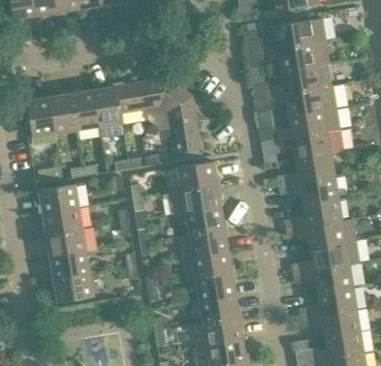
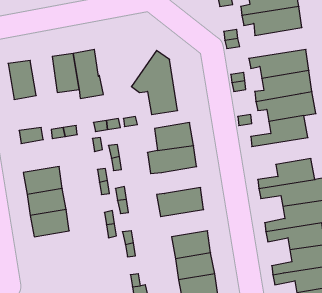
building: [274,63,334,95] -> none
building: [116,78,180,124] -> none
building: [50,93,77,133] -> none
building: [278,177,339,205] -> none
building: [39,184,80,213] -> none
building: [185,207,225,235] -> none
building: [184,251,232,281] -> none
building: [54,273,94,303] -> none

